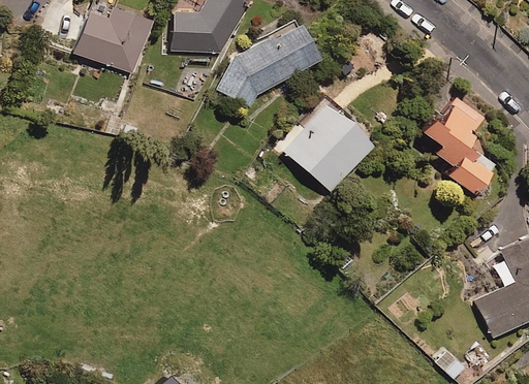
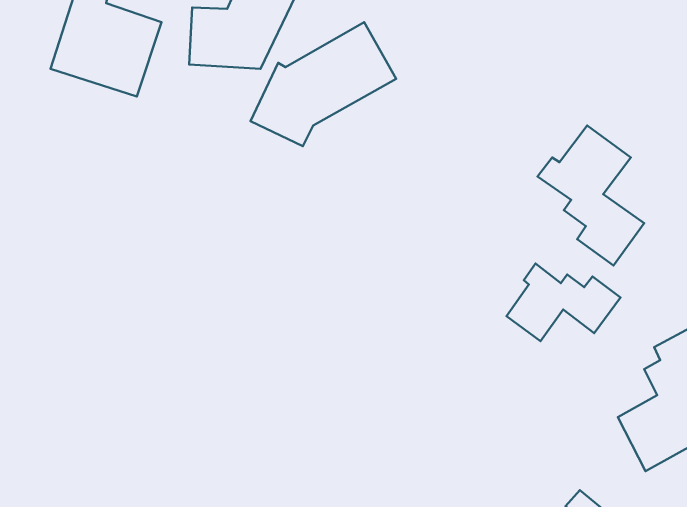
building: [284,102,374,192] -> none
building: none -> [507,263,621,341]

